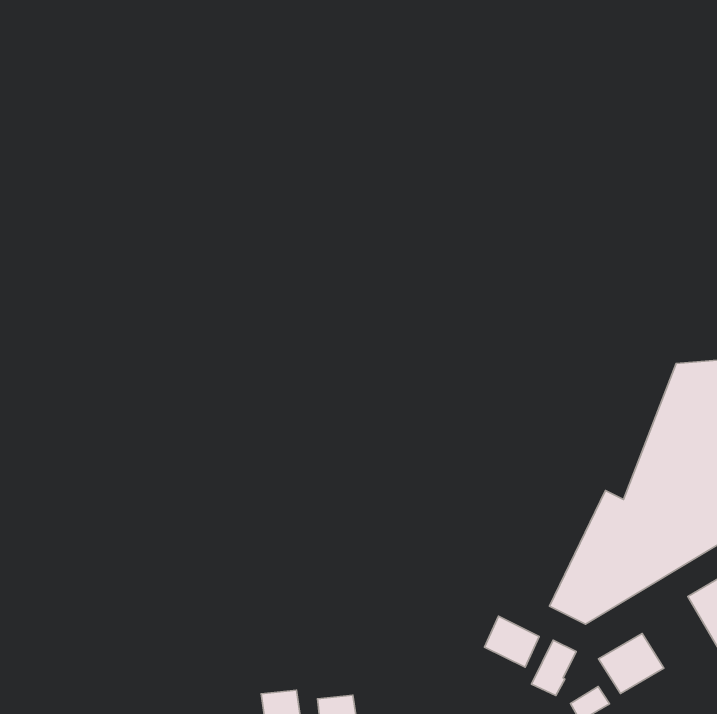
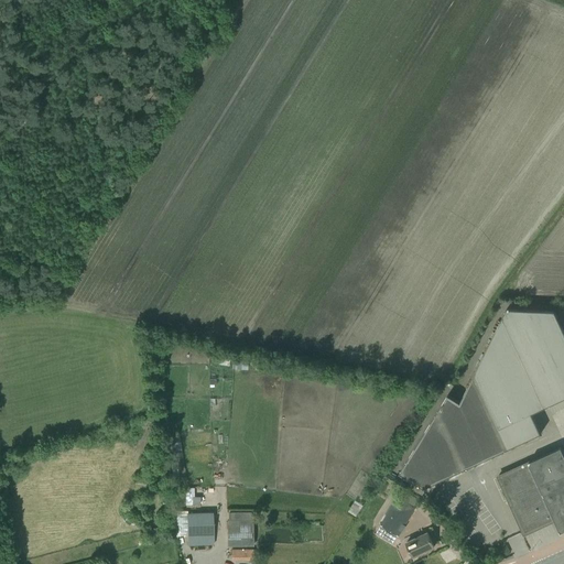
building: [485,616,539,667] -> none
building: [599,633,664,693] -> none

